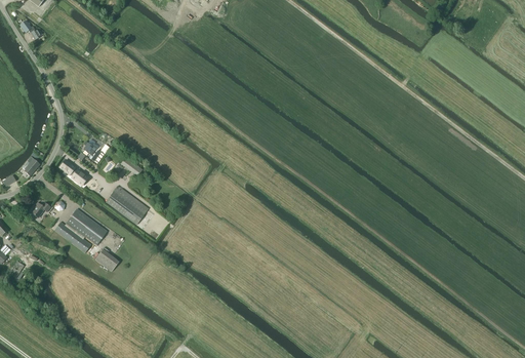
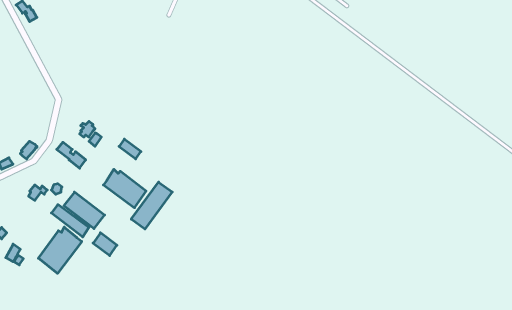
building: none -> [131,182,172,229]
building: none -> [38,227,82,273]

